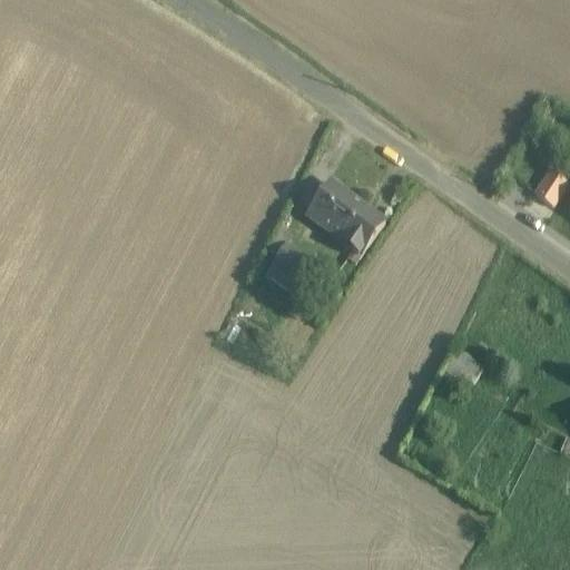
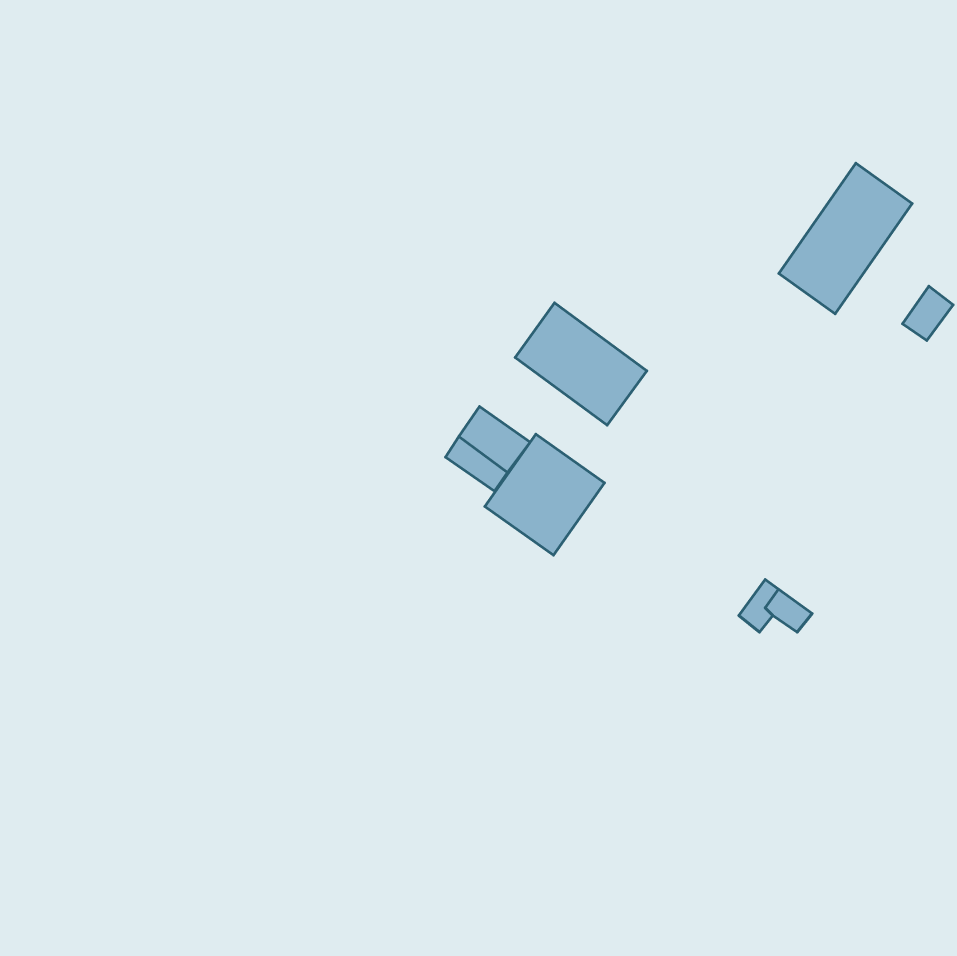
building: none -> [779,163,912,314]
building: none -> [485,434,604,555]

